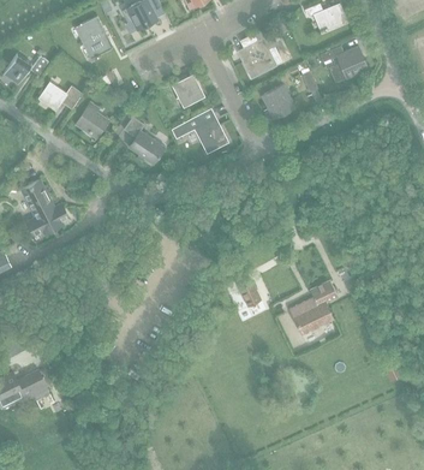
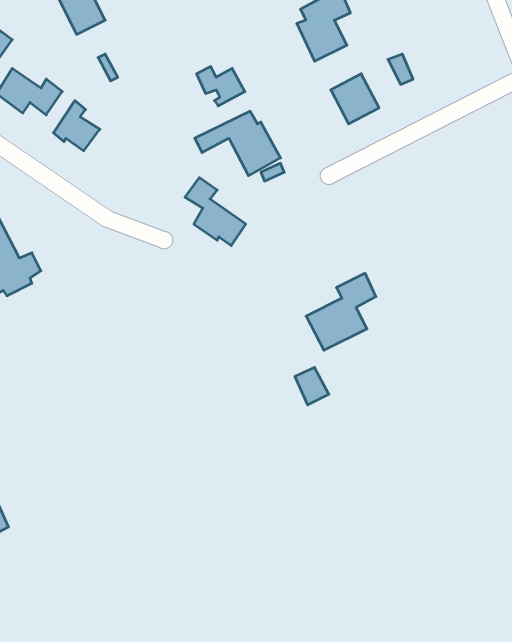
building: [326,44,368,82] -> none
building: [123,115,163,161] -> [185,178,246,246]
building: [289,280,336,332] -> [306,273,376,350]

